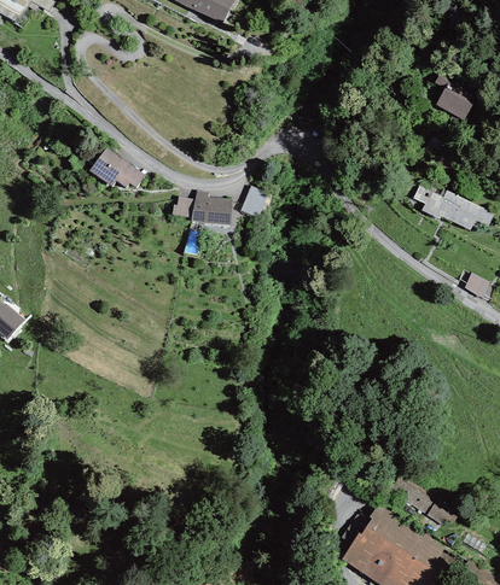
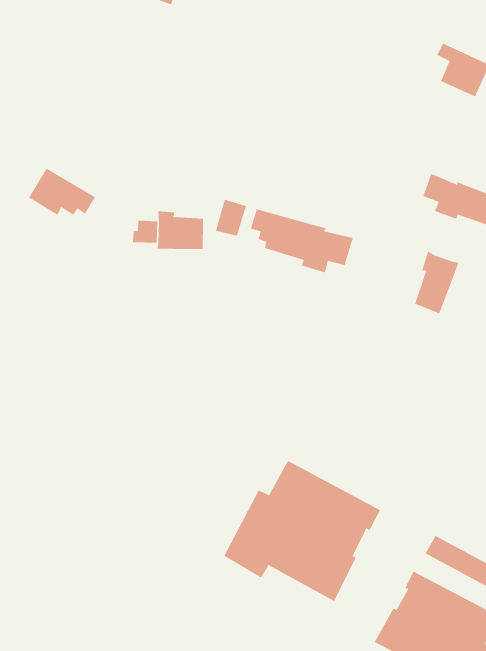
building: none -> [250,208,353,273]
building: none -> [414,251,459,314]
building: none -> [223,460,381,602]

